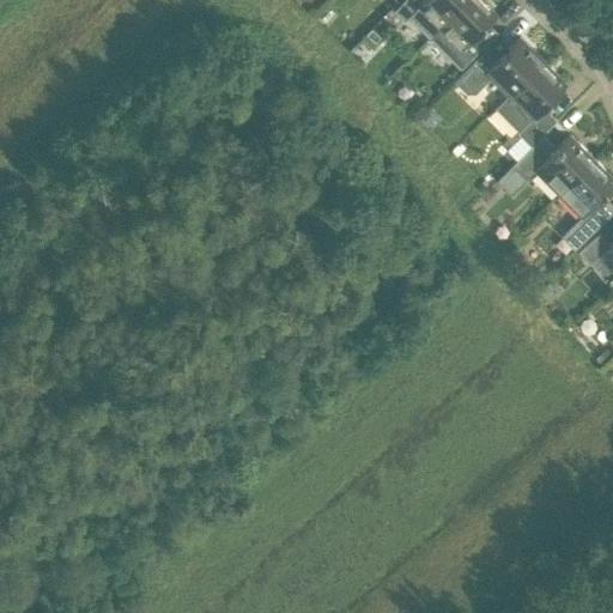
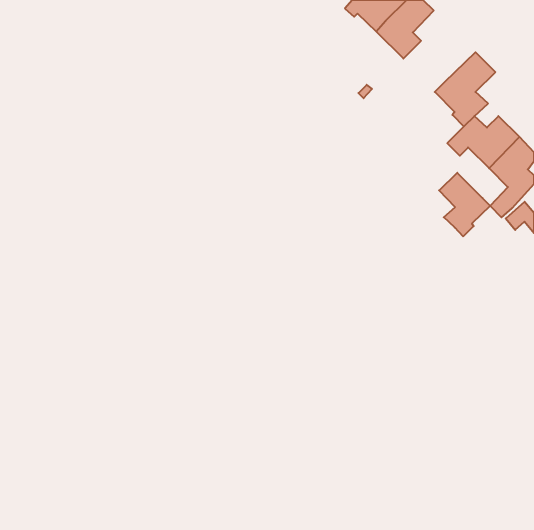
building: [456,40,545,99] -> none
building: none -> [439,173,490,236]

